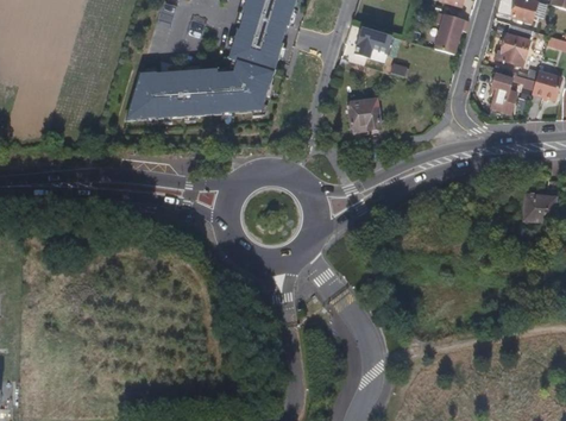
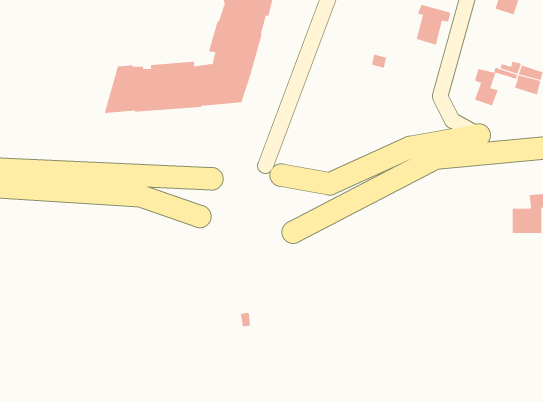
building: [492,24,530,67] -> none
building: [354,26,392,57] -> none
building: [346,98,379,128] -> none

